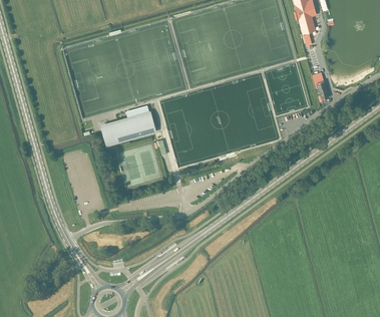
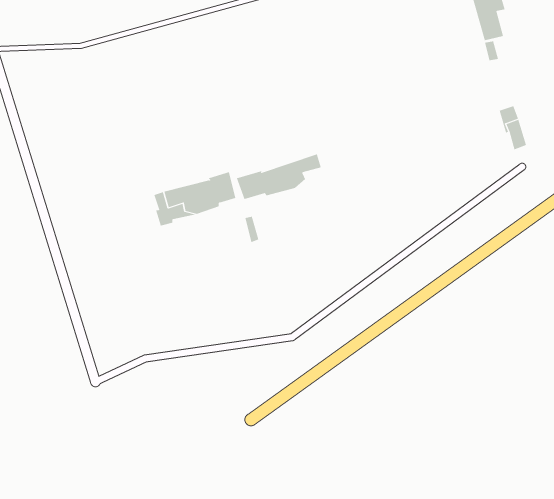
building: none -> [236,154,321,200]

